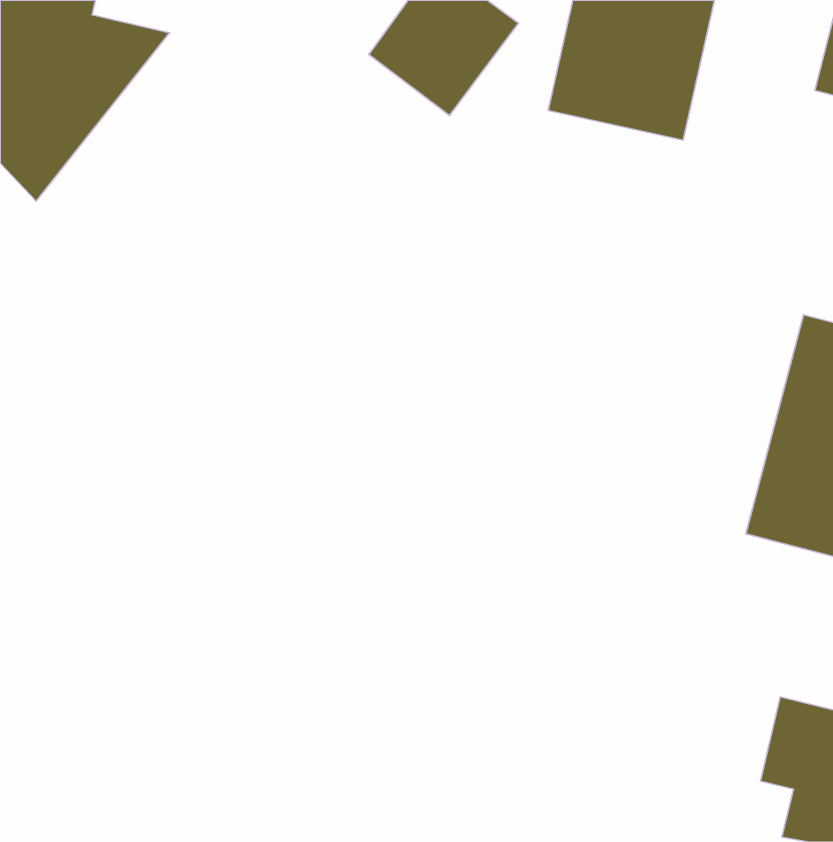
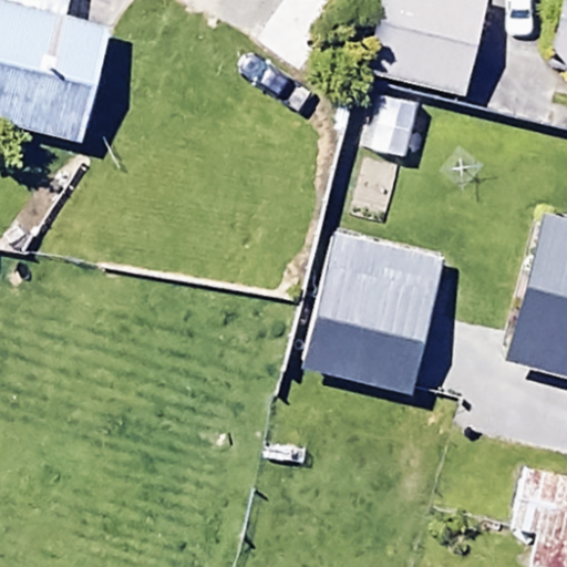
building: none -> [307,233,443,392]

